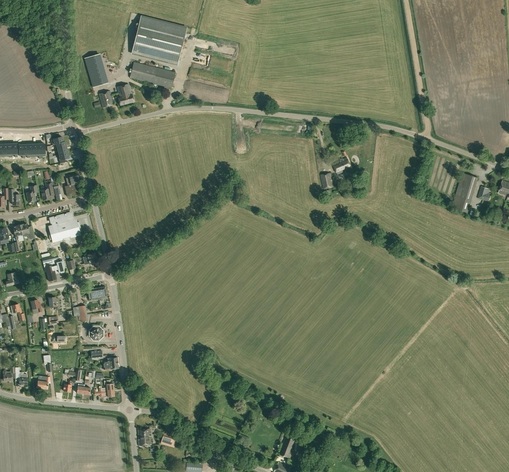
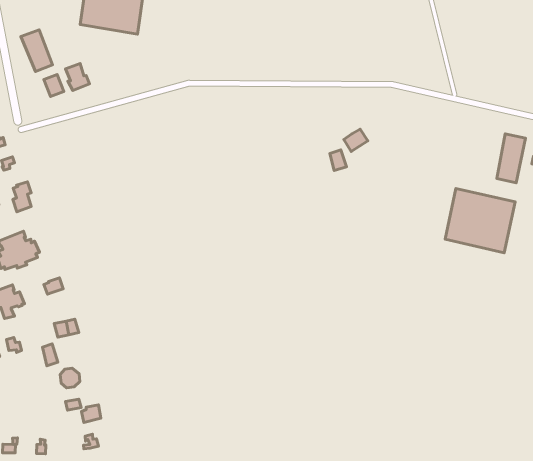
building: [130,62,175,88] -> none
building: none -> [445,188,515,253]

